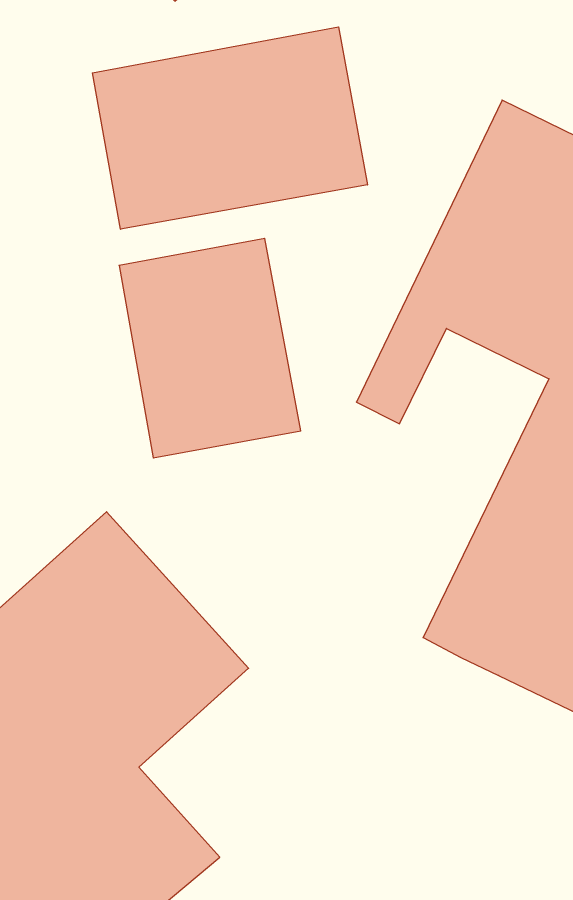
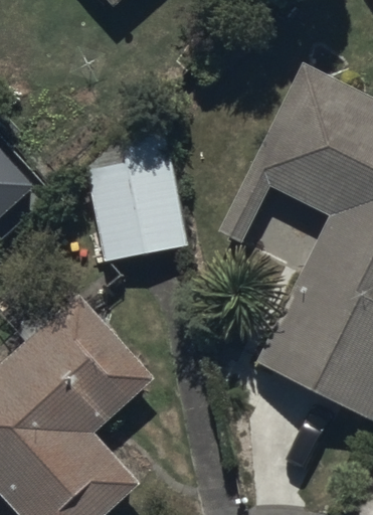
building: [92,27,367,229] -> none

